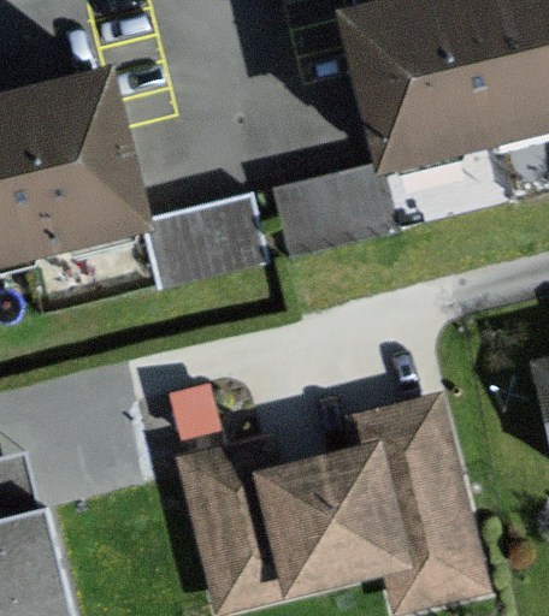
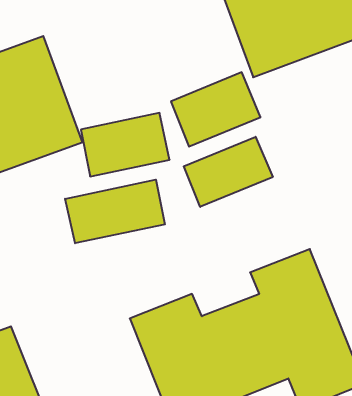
building: none -> [184,137,273,207]
building: none -> [65,180,165,243]

